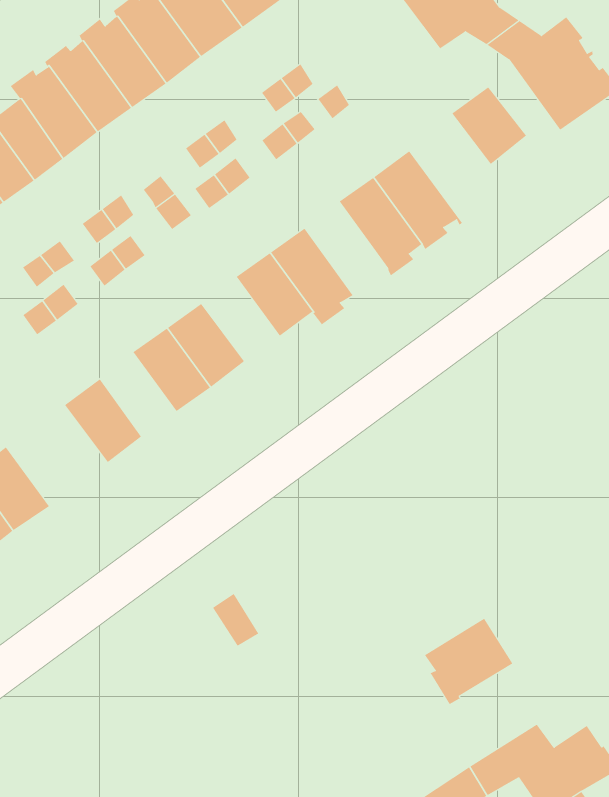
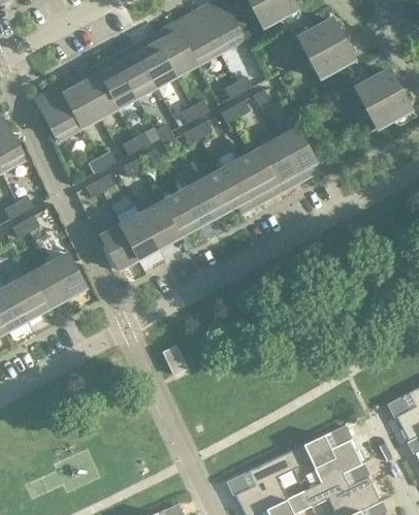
building: [452,86,527,165] -> none
building: none -> [237,150,278,202]
building: none -> [179,182,217,226]
building: none -> [121,214,158,258]
building: [424,618,513,705] -> none

